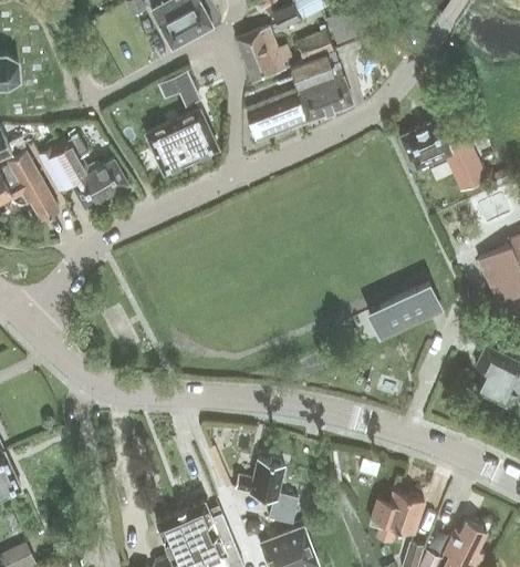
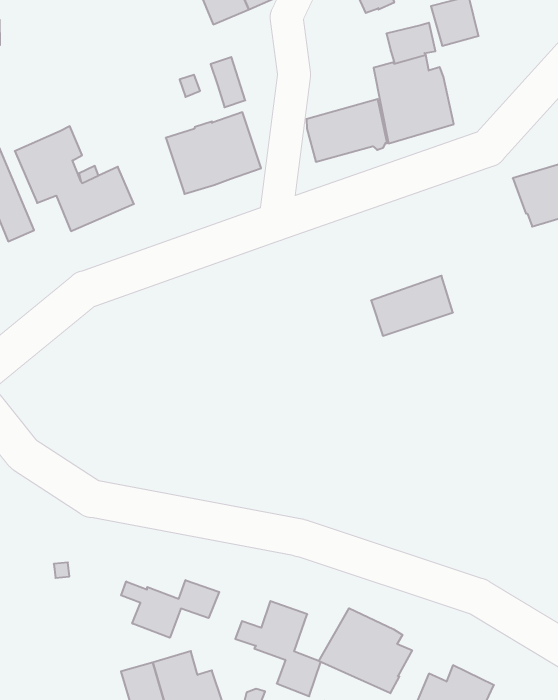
building: [237,27,292,82] -> none
building: [381,284,440,331] -> [371,276,453,336]
building: none -> [121,580,219,638]
building: none -> [319,608,412,693]

